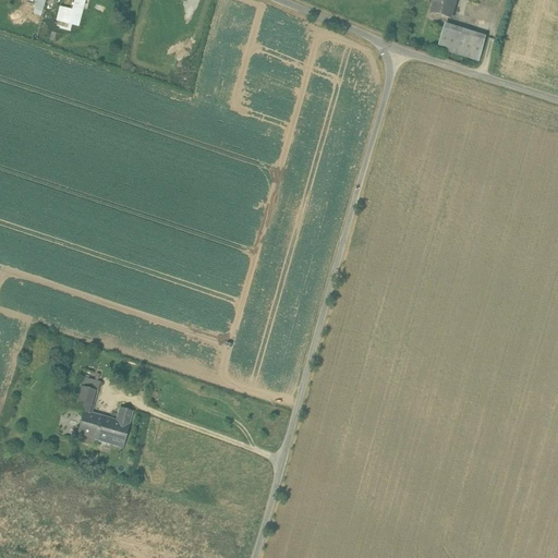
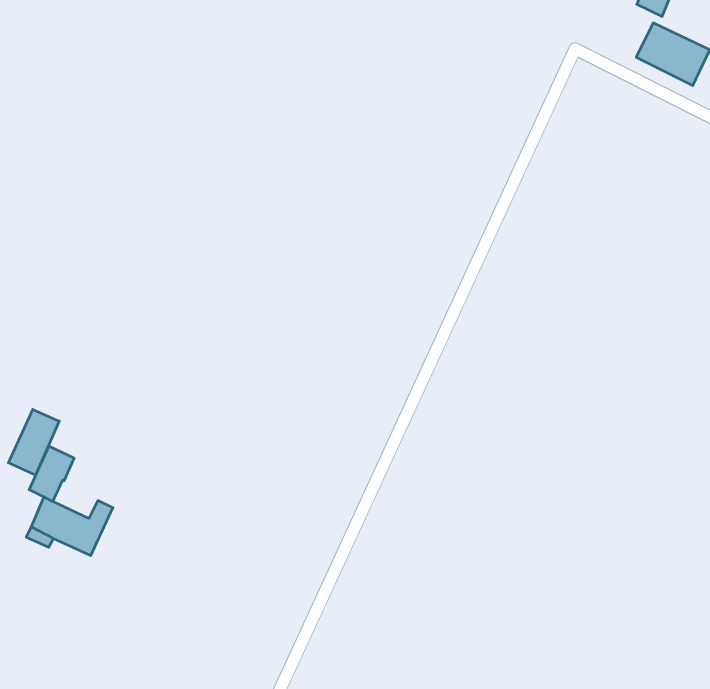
building: none -> [8,409,59,475]

